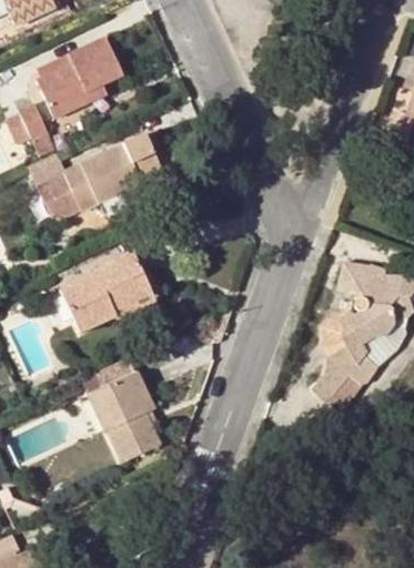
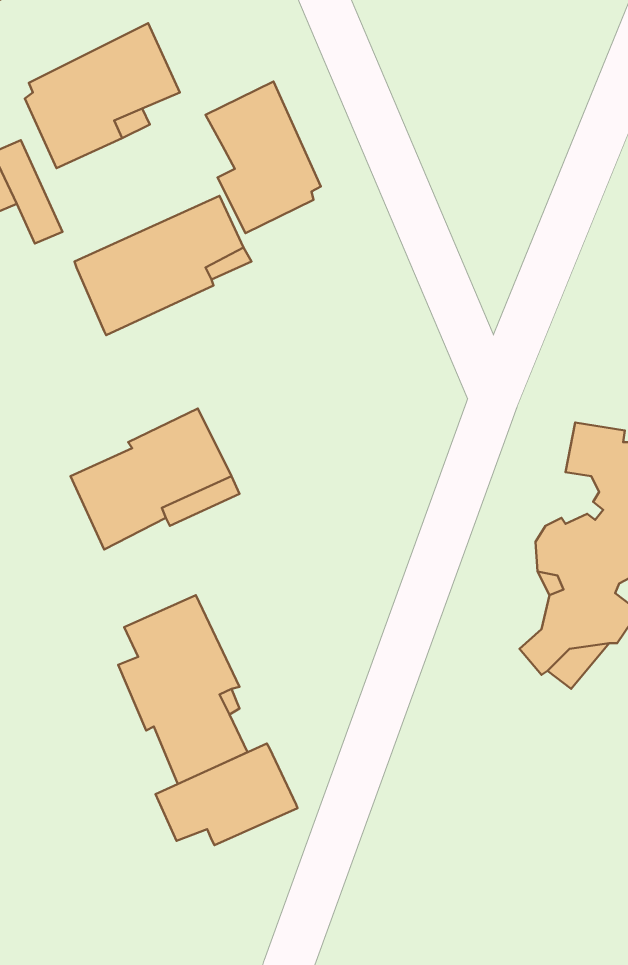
building: none -> [206,82,321,233]
building: [38,173,80,221] -> none
building: none -> [156,743,298,845]

